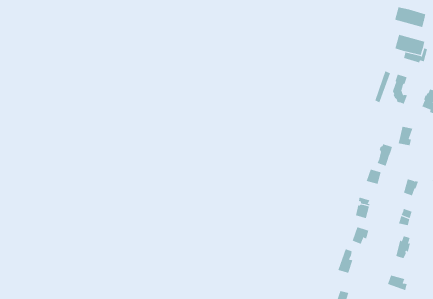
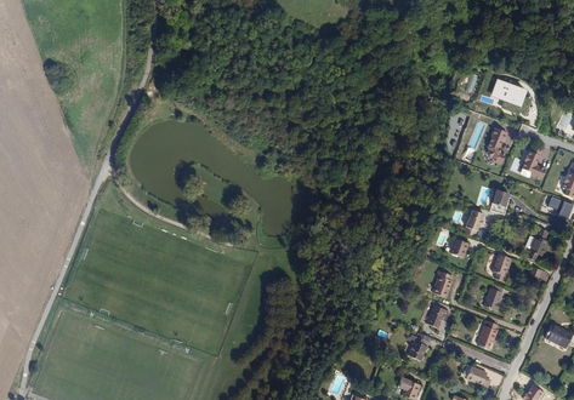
building: [395,6,426,28] -> none

